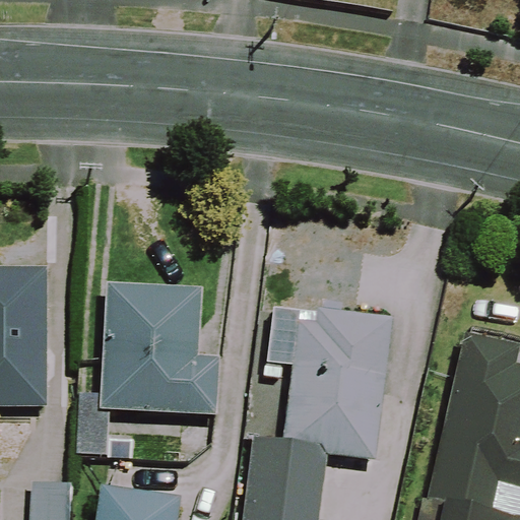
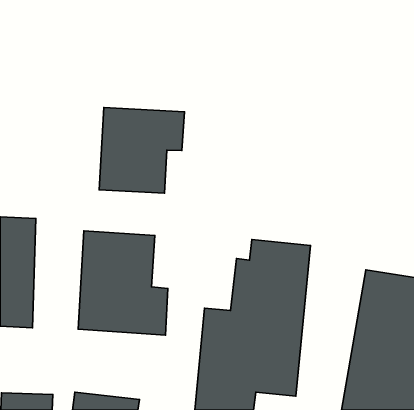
building: none -> [99,108,184,193]

